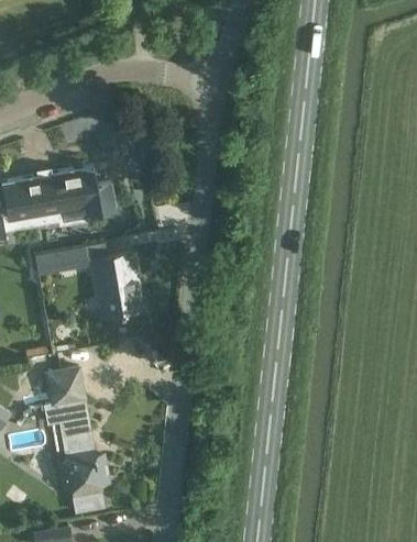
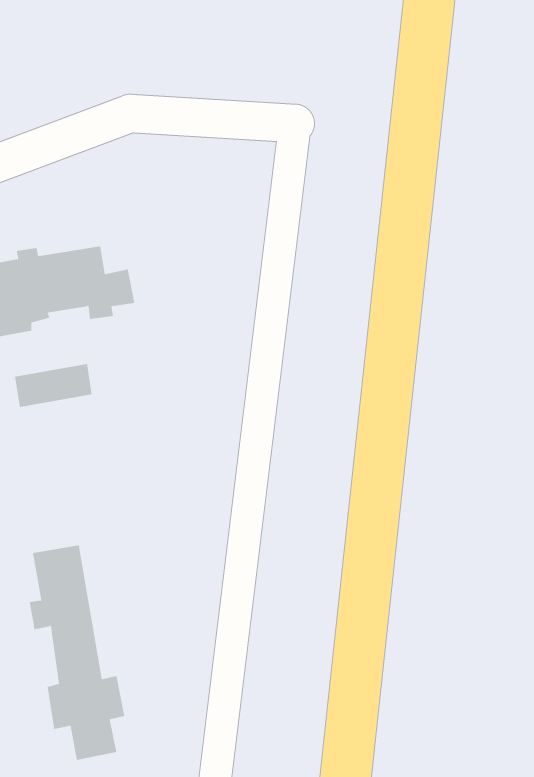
building: [87,253,139,320] -> none

